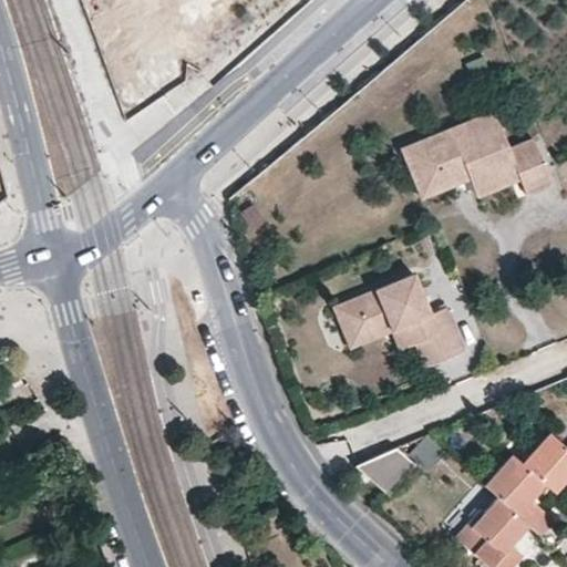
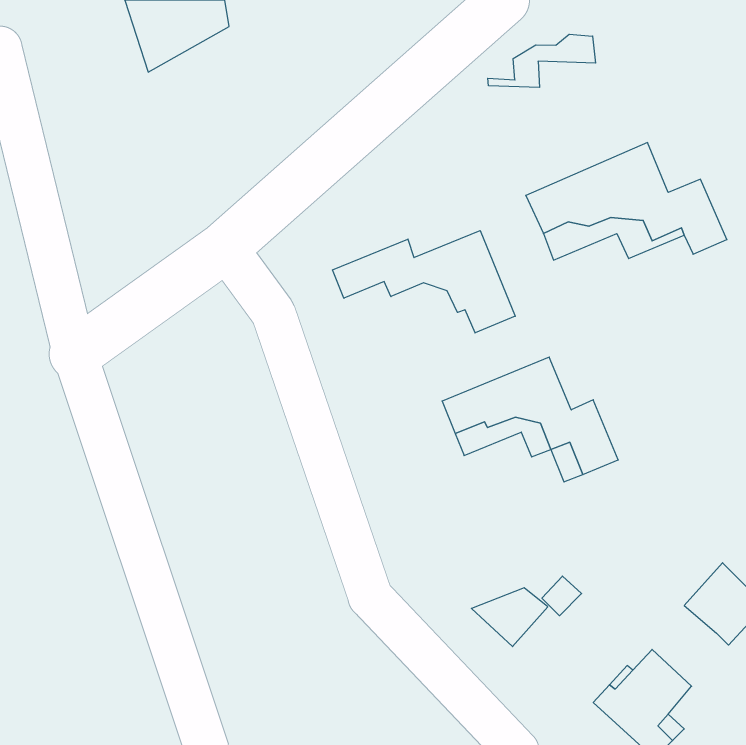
building: none -> [488,34,596,87]
building: none -> [332,231,515,333]
building: [481,451,550,533] -> none

